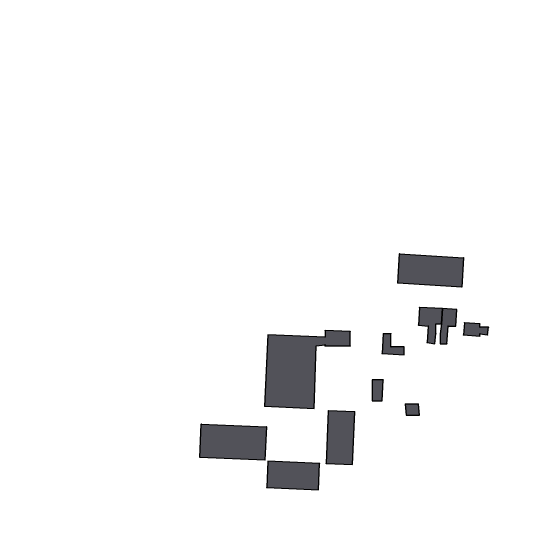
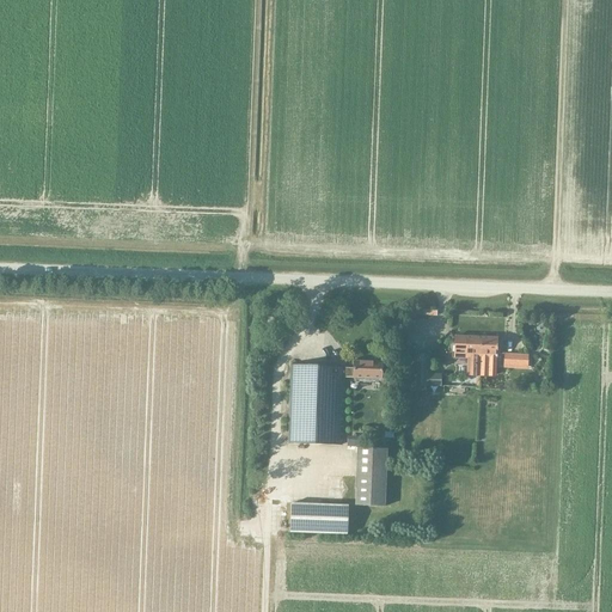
building: [398,254,464,287] -> none
building: [200,424,266,460] -> none

